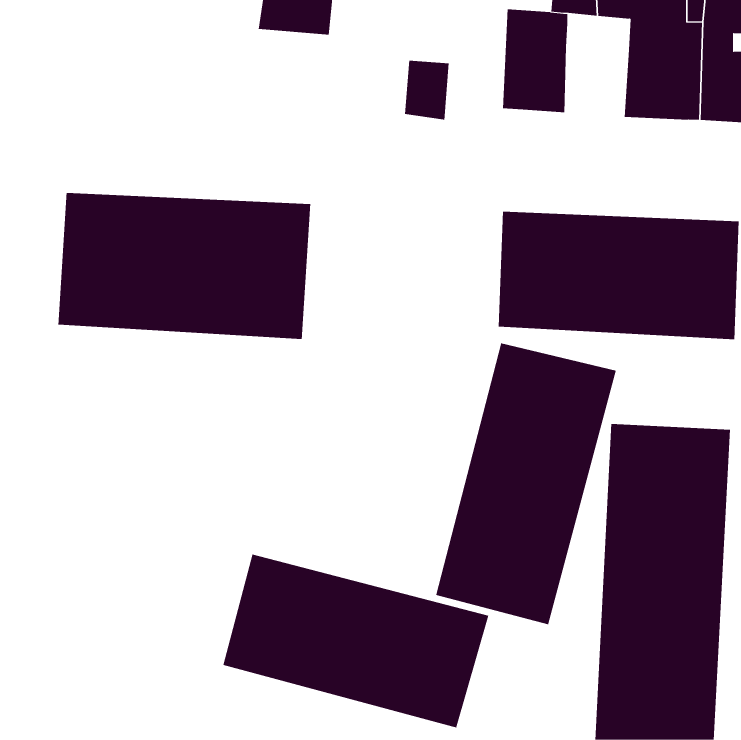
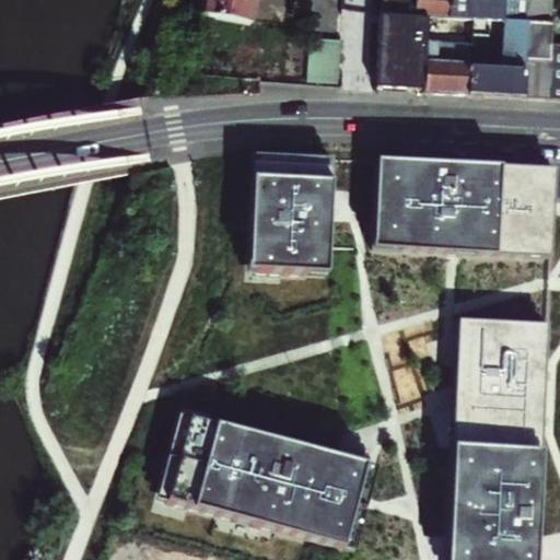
building: none -> [428,35,475,88]
building: [58,192,311,340] -> none
building: none -> [252,151,337,270]
building: [436,343,616,625] -> none

